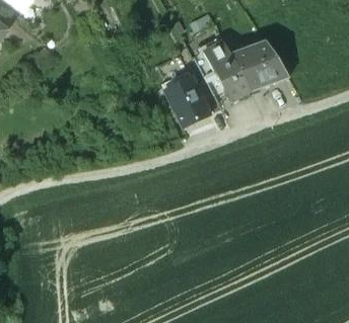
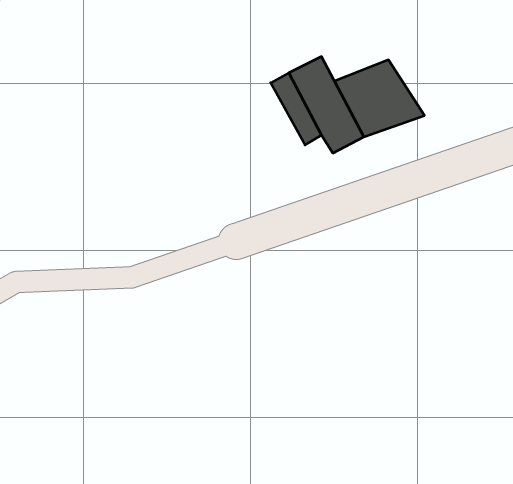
building: [162,72,214,126] -> none

